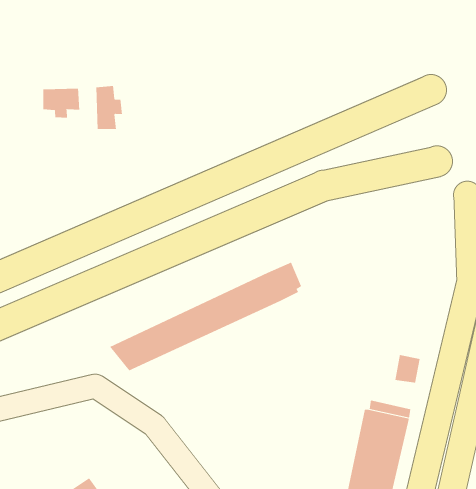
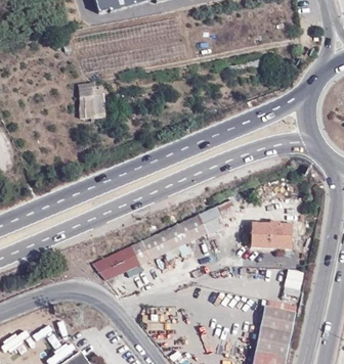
building: [43,88,80,118] -> none
building: none -> [245,222,292,251]

